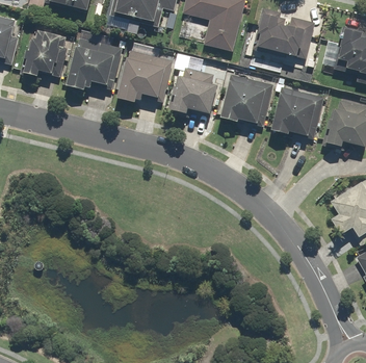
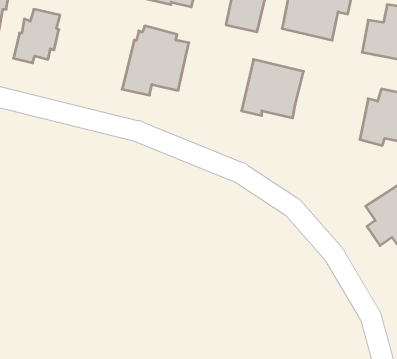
building: [63,36,127,95] -> none
building: [167,67,216,116] -> none
building: [270,87,324,138] -> none

